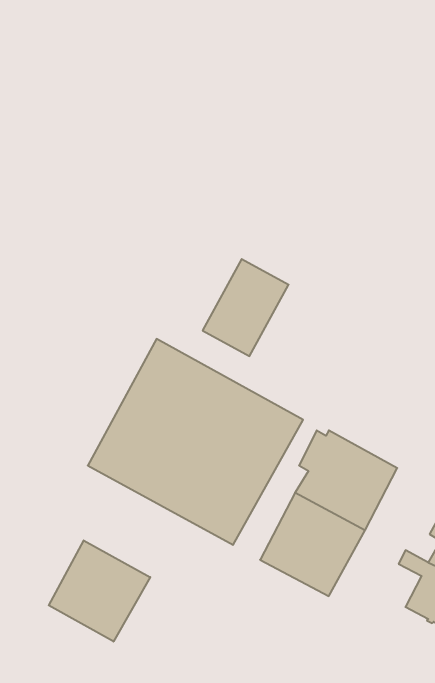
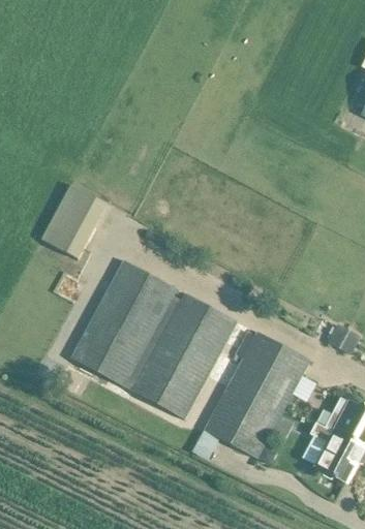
building: [203,259,289,356] -> [41,185,108,259]
building: [49,540,150,642] -> none

